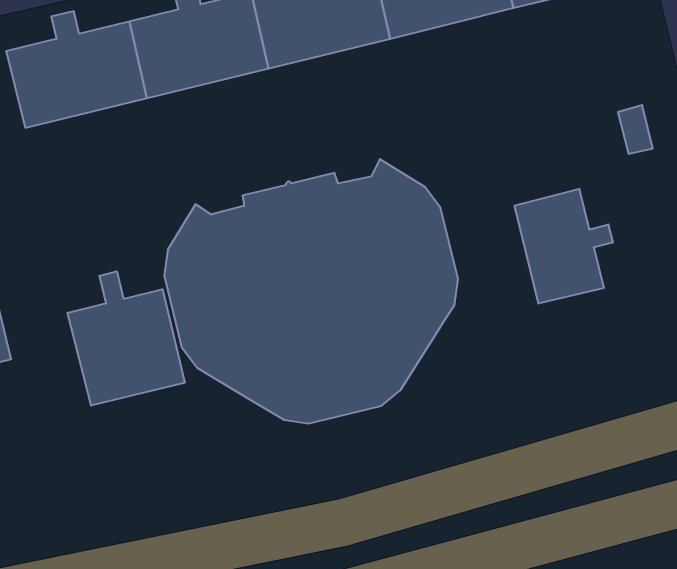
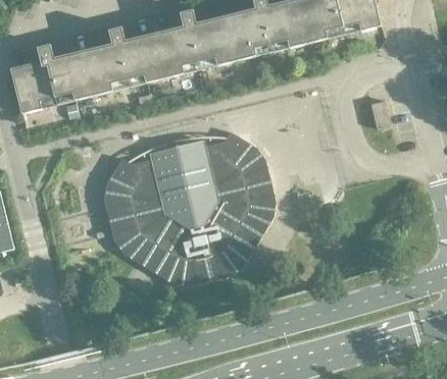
building: [515,189,613,304] -> none
building: [67,271,185,406] -> none

